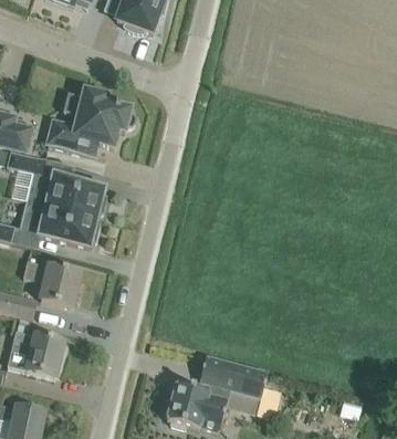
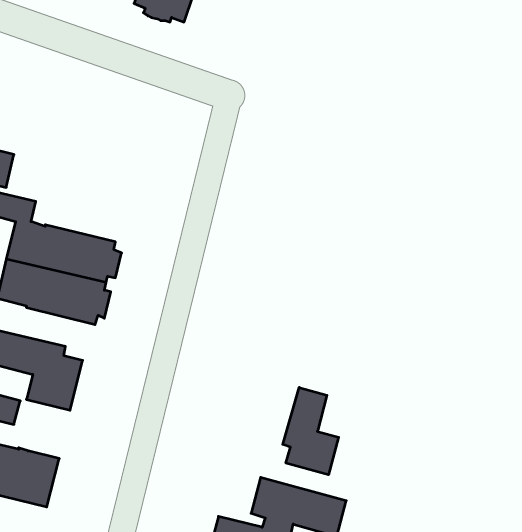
building: [48,91,135,159] -> none
building: none -> [283,387,339,475]

